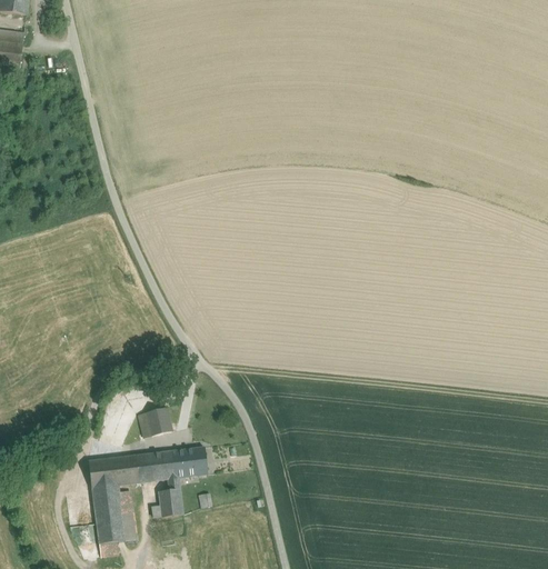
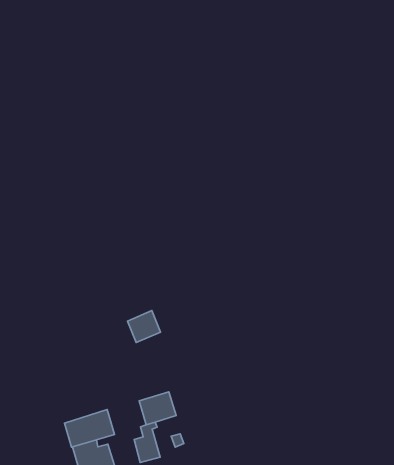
building: [138,407,171,438] -> [127,311,161,343]
building: [134,451,173,482] -> none

